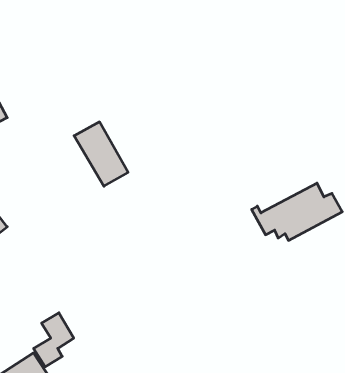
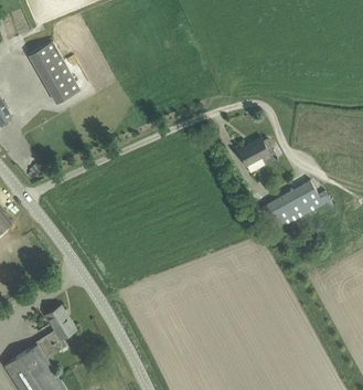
building: [74,122,128,186] -> [28,41,79,103]
building: none -> [237,138,277,166]

